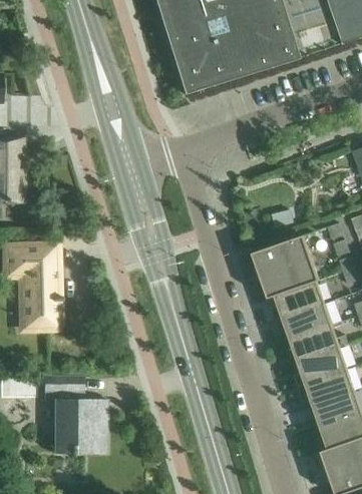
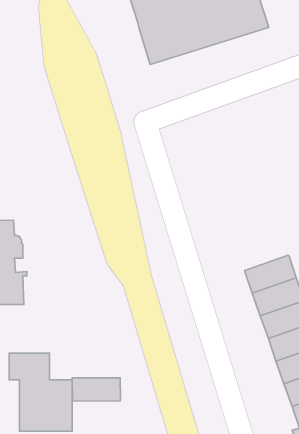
building: [251,234,319,299] -> none
building: none -> [72,378,121,401]

